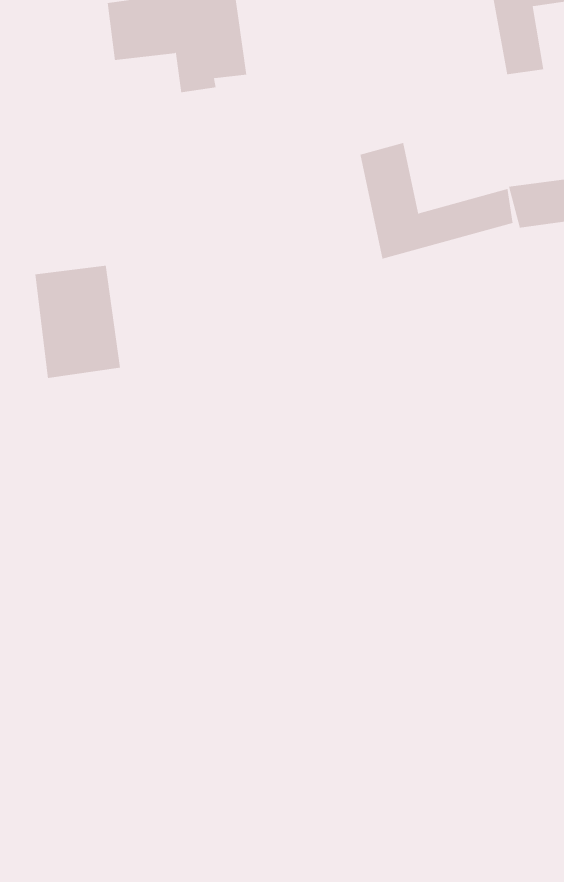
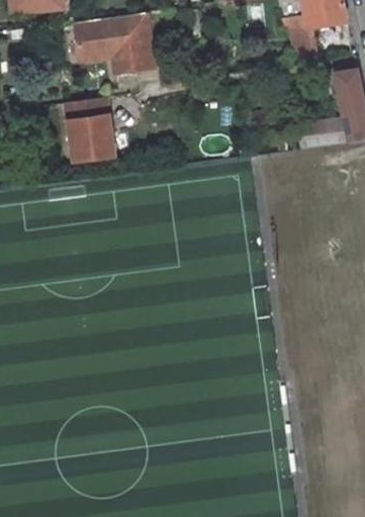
building: [360,142,513,259] -> none
building: [34,265,121,379] -> [65,95,113,159]

